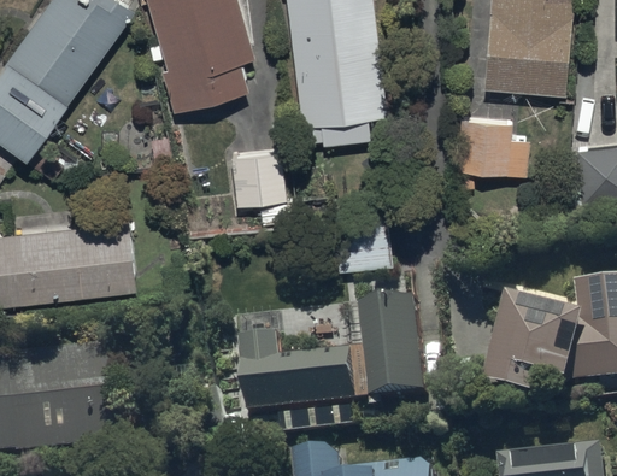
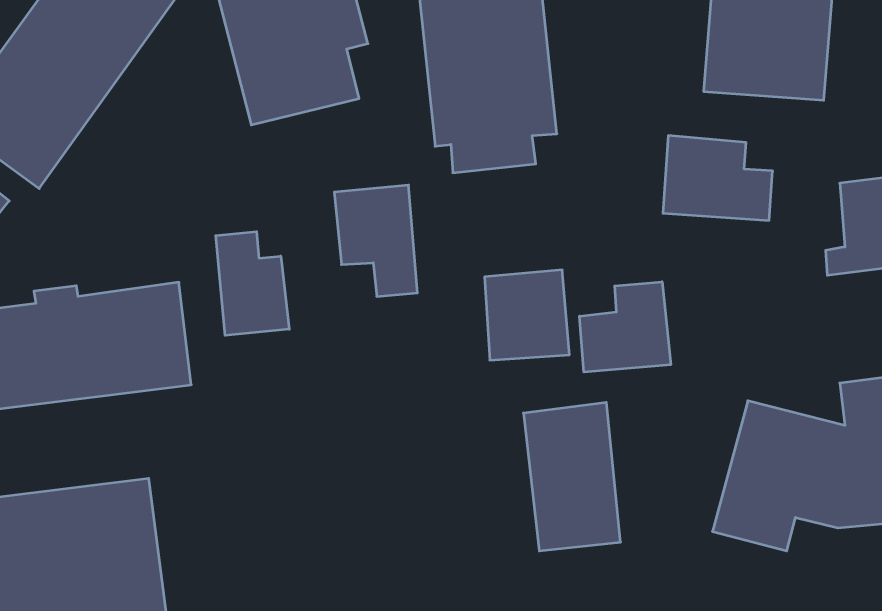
building: none -> [216,232,289,335]
building: none -> [580,282,671,372]
building: [241,340,358,422] -> none

